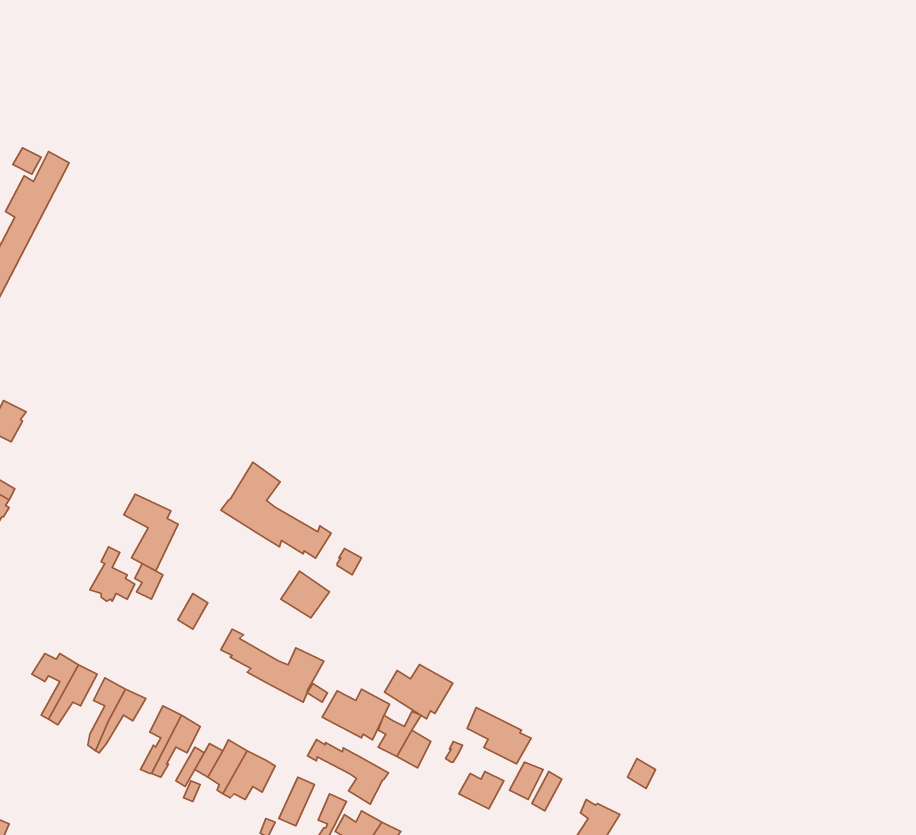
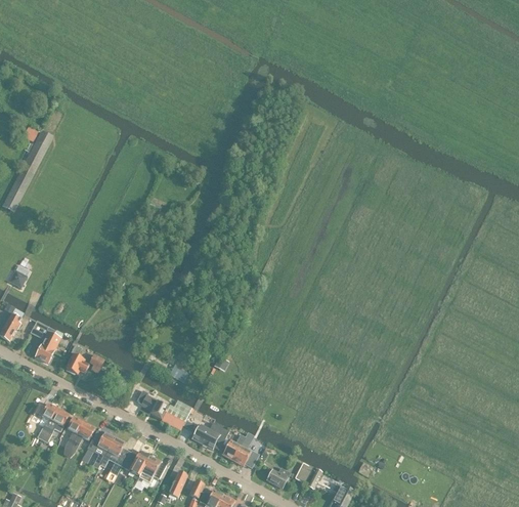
building: [221,462,331,558] -> none
building: [124,494,178,571] -> [30,321,59,363]
building: [385,665,453,719] -> none
building: [467,707,531,764] -> none
building: [308,739,388,804] -> none

